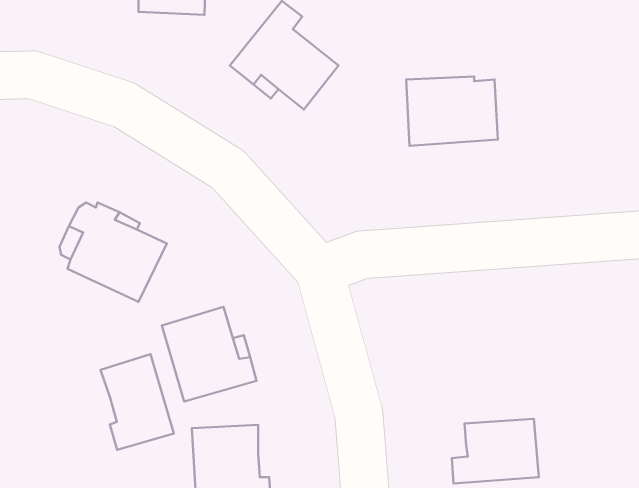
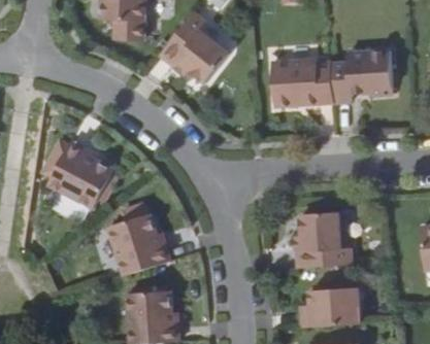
building: none -> [328,50,391,103]
building: none -> [295,210,350,268]
building: [100,354,174,450] -> none

